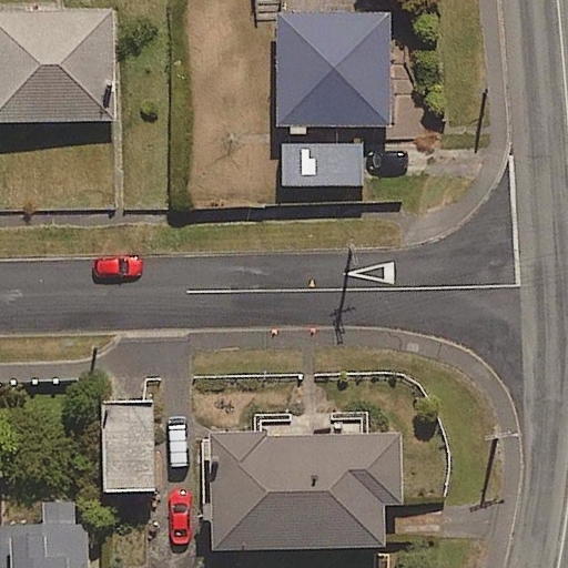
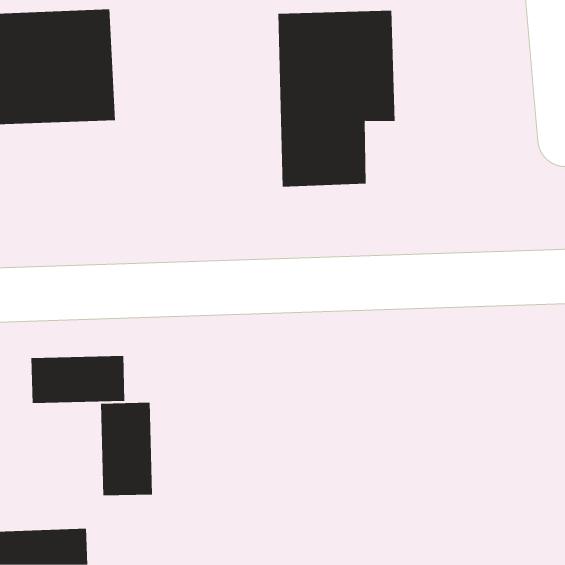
building: none -> [31,355,125,404]
building: [197,412,403,554] -> none

